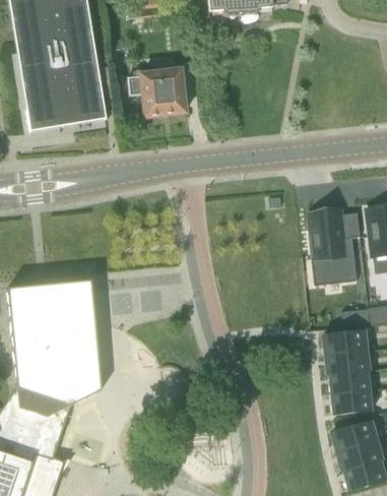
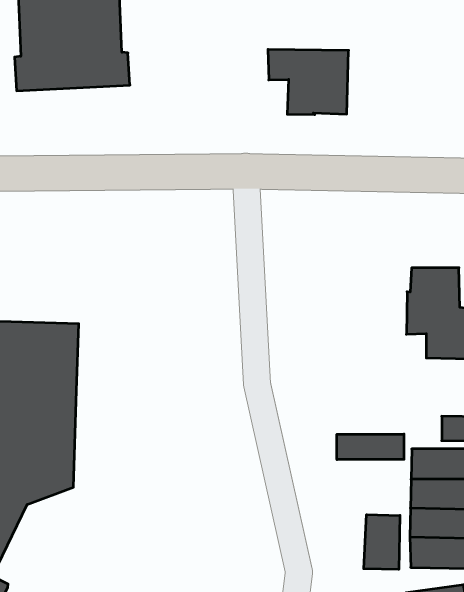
building: [127,70,185,118] -> [268,49,349,115]
building: none -> [337,434,404,460]
building: none -> [364,515,400,569]

